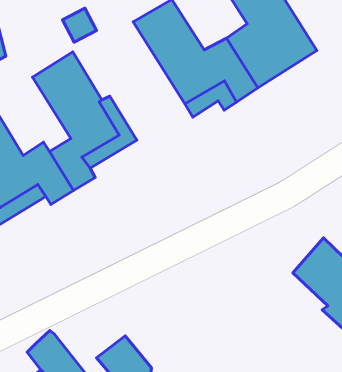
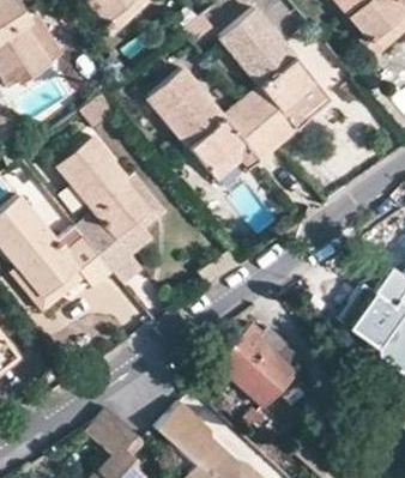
building: none -> [217,326,297,407]

